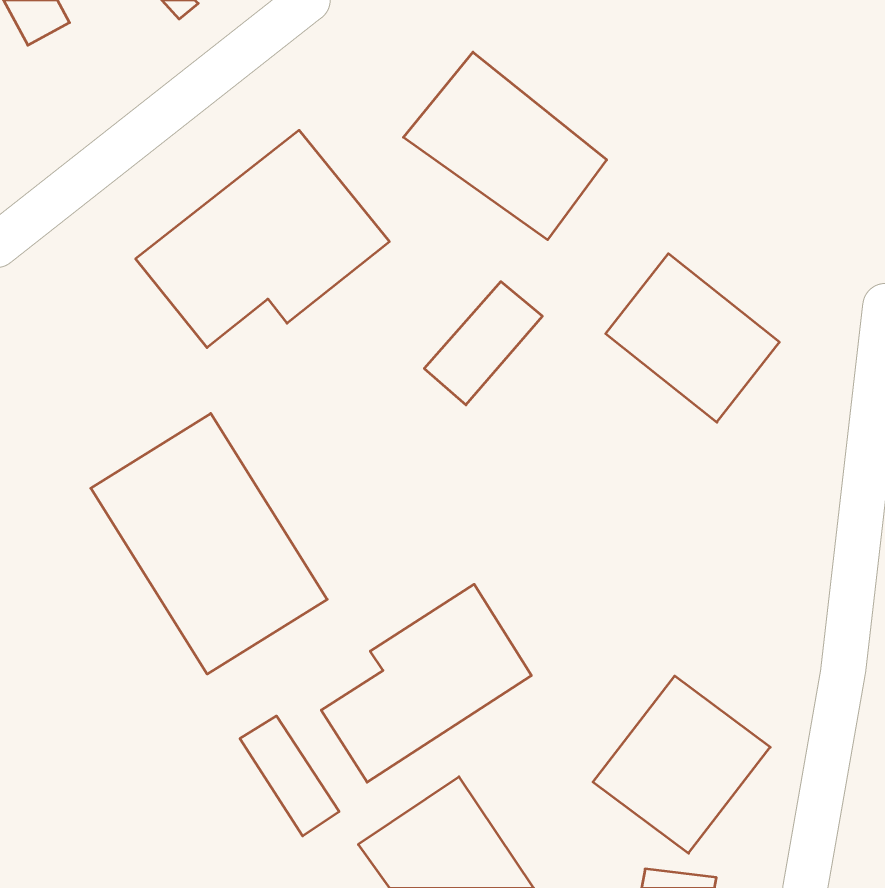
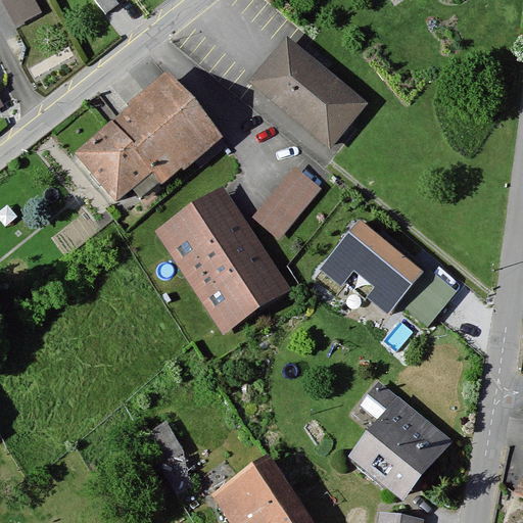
building: [606,254,779,422] -> [319,217,421,316]
building: [91,413,327,674] -> [155,186,294,339]
building: [321,584,531,782] -> none

